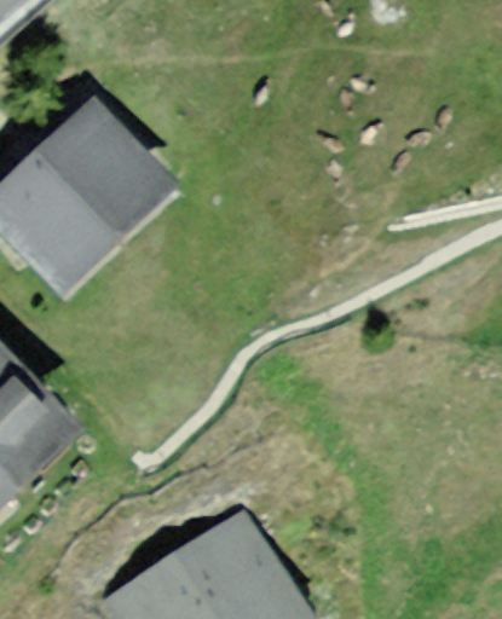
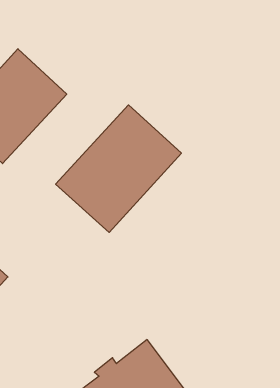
building: none -> [56,105,181,232]

